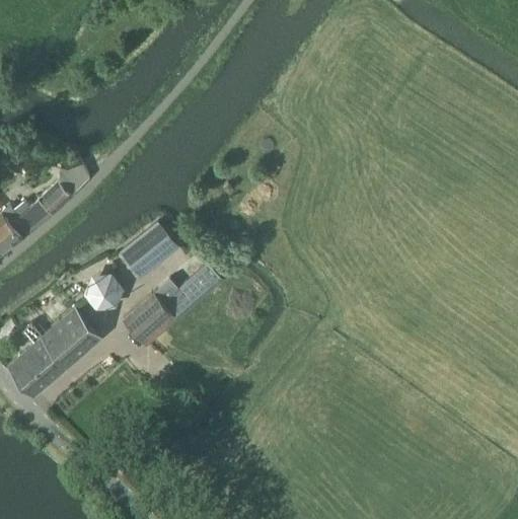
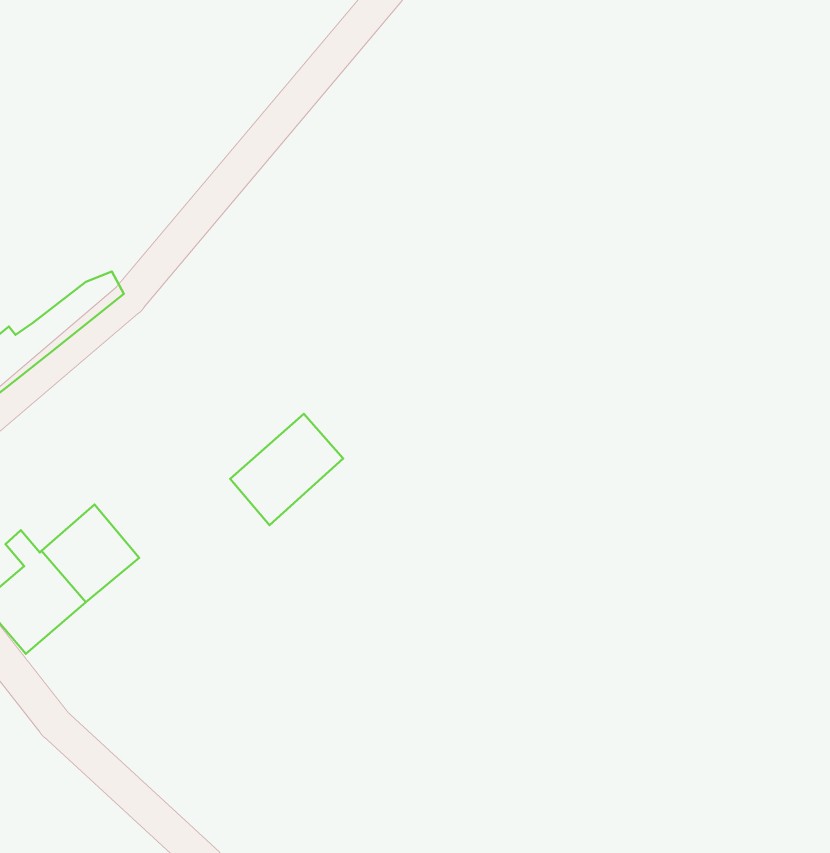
building: [119,222,177,279] -> none
building: [82,274,124,312] -> none
building: [122,293,176,348] -> none

